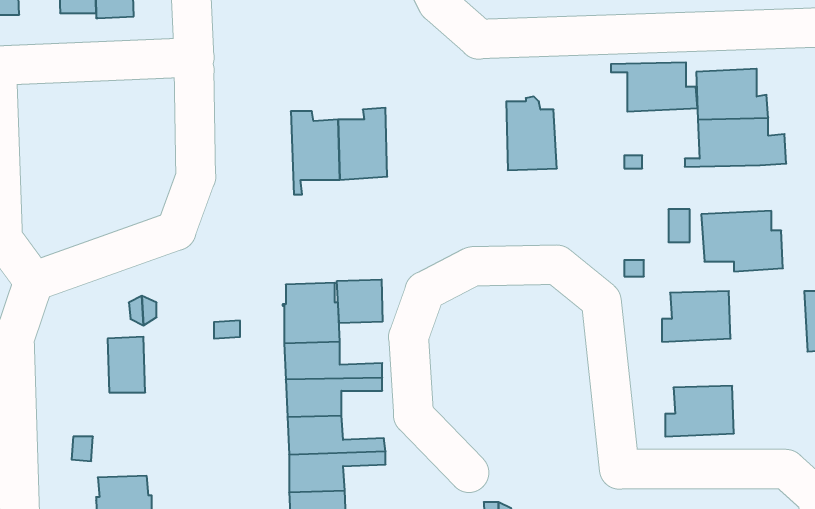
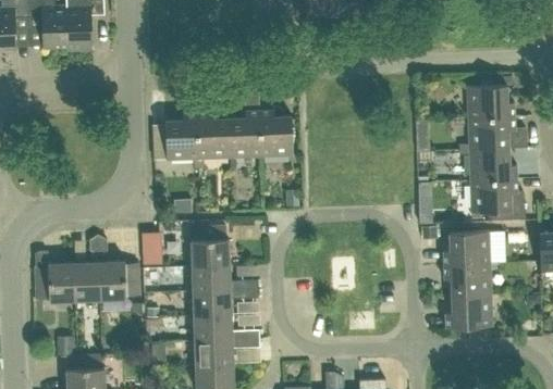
building: [611,62,698,112] -> [459,149,517,181]
building: [506,97,557,170] -> [260,108,294,156]
building: none -> [165,113,199,170]
building: [337,279,382,323] -> none
building: none -> [99,262,139,300]
building: none -> [36,264,76,302]
building: none -> [444,264,491,297]

